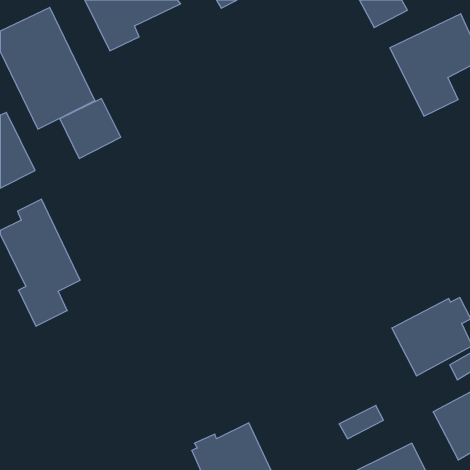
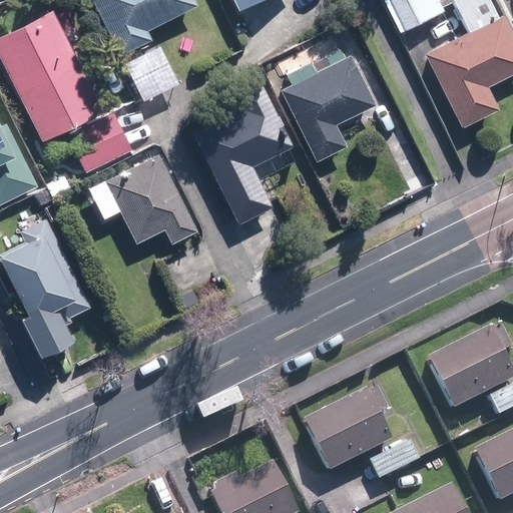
building: none -> [281,54,376,161]
building: none -> [193,80,293,224]
building: none -> [105,153,197,243]
building: none -> [302,388,391,472]

